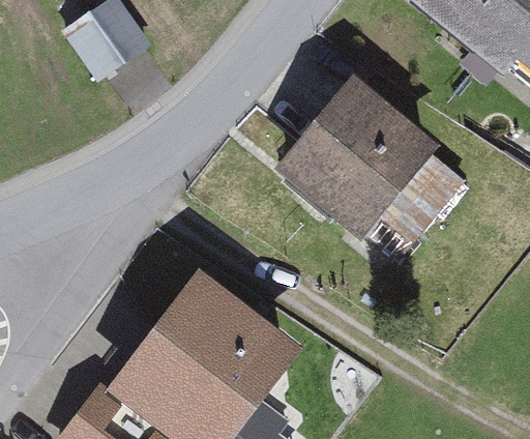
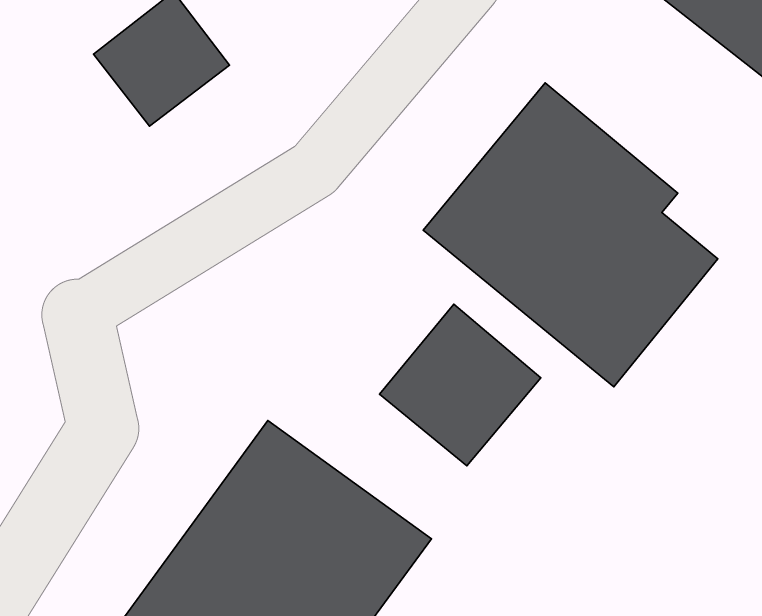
building: none -> [380,304,541,466]

